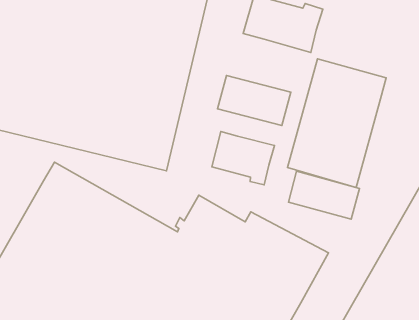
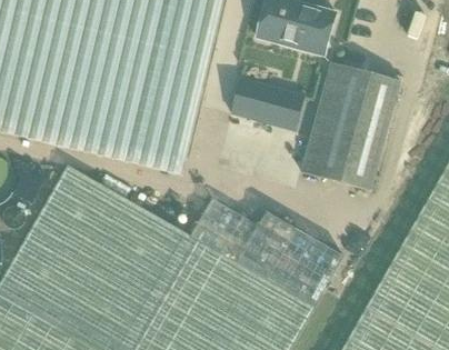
building: [212,132,274,185] -> none
building: [288,171,359,219] -> none

